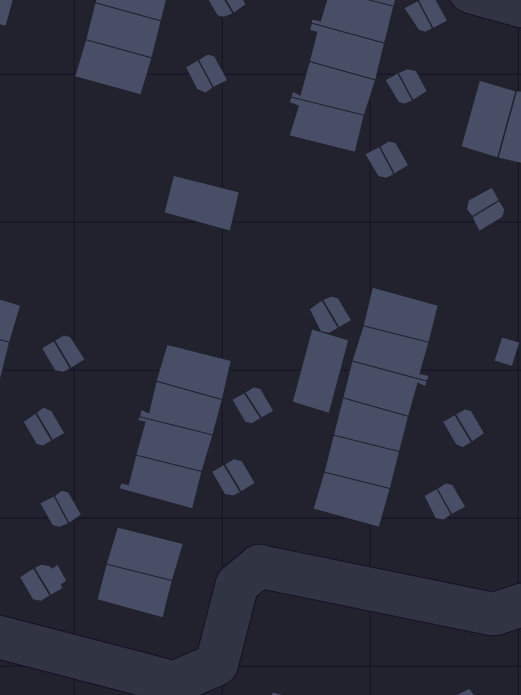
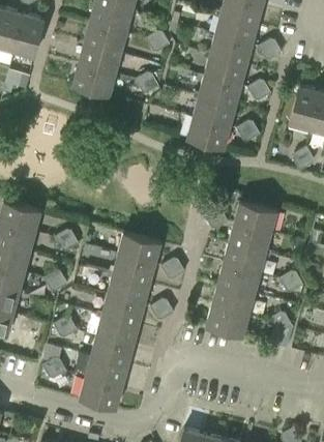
building: [164,176,240,231] -> [187,118,230,149]
building: [292,329,349,413] -> none
building: none -> [96,316,139,347]
building: none -> [80,378,122,409]

